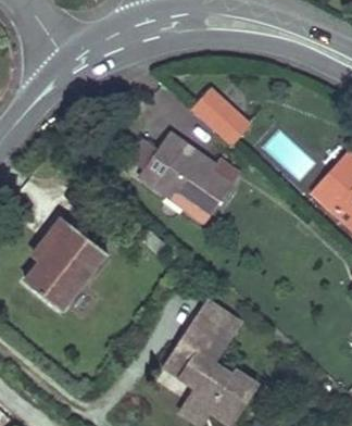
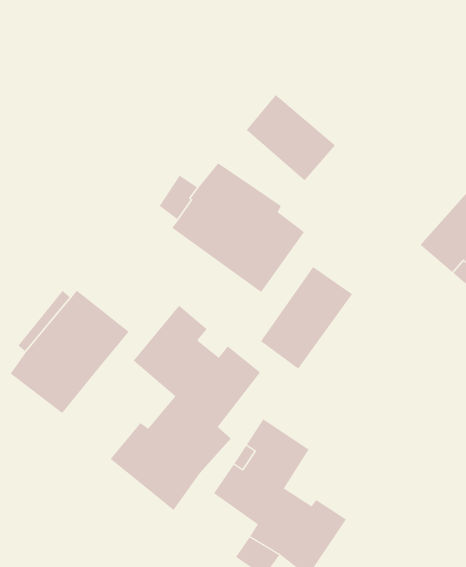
building: none -> [260,266,353,370]
building: none -> [110,305,261,511]

